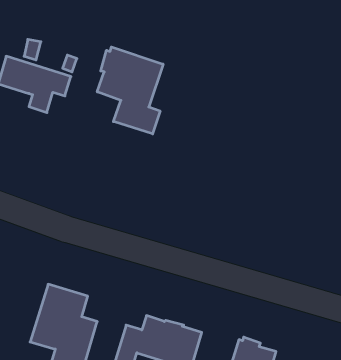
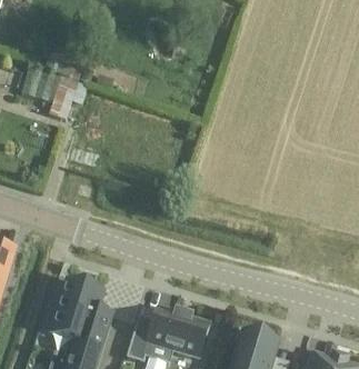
building: [97,47,163,134] -> none

